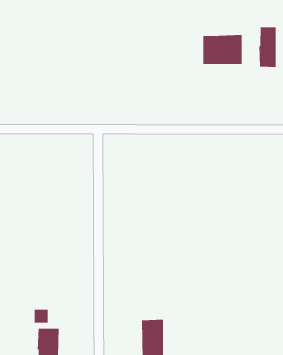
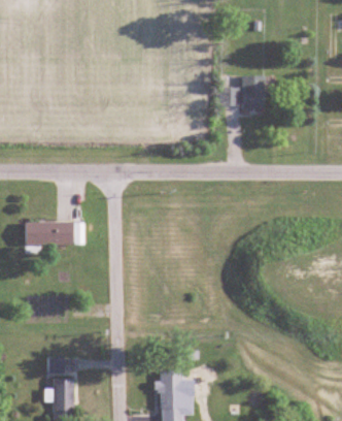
building: [259,26,276,68] -> none
building: none -> [26,222,85,246]

